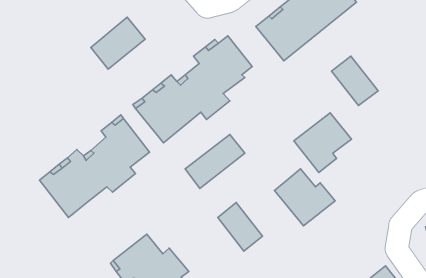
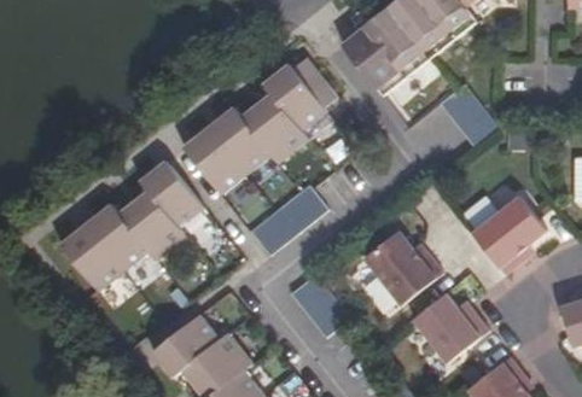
building: [91,17,145,69] -> none
building: [294,113,351,173] -> [458,177,532,255]
building: none -> [412,293,488,363]

